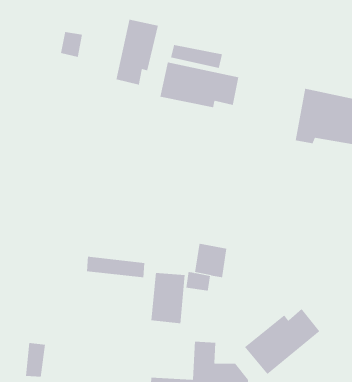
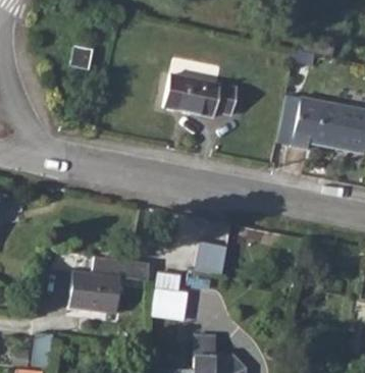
building: [116,19,158,86] -> none
building: none -> [68,271,119,313]
building: [244,308,320,375] -> none

